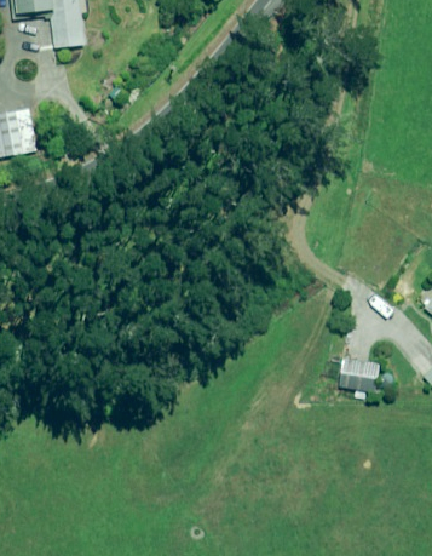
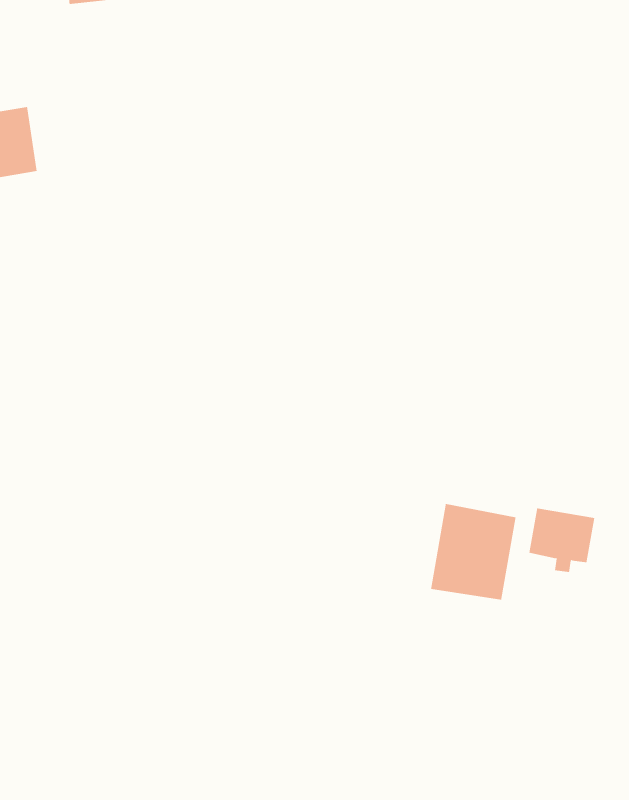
building: none -> [430,503,516,600]

